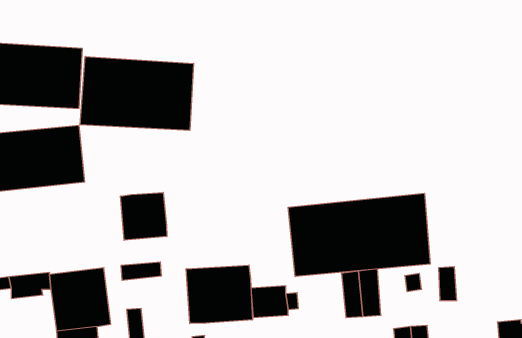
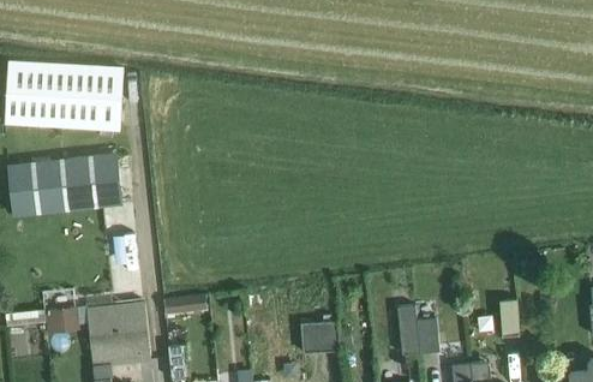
building: [80,56,194,130] -> none
building: [120,192,167,240] -> none
building: [288,193,430,277] -> none
building: [186,265,252,324] -> none

